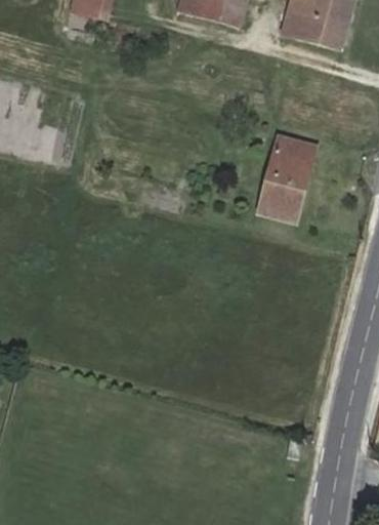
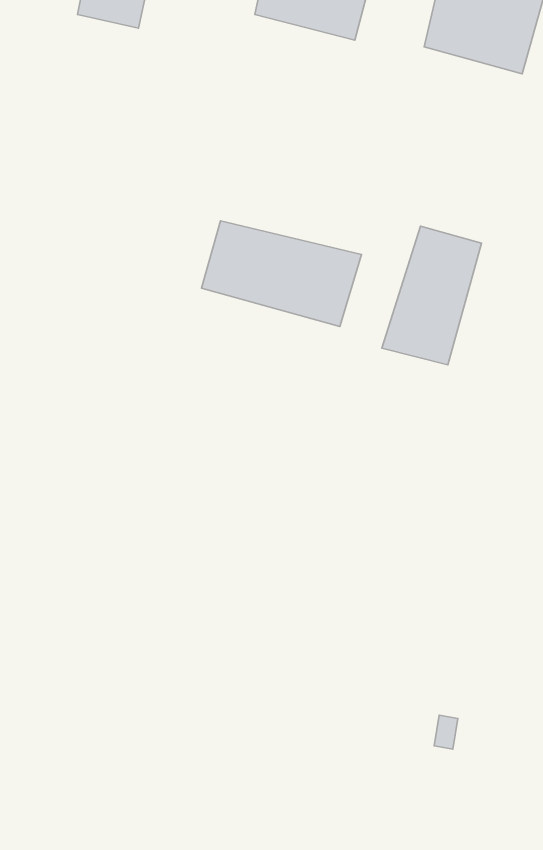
building: none -> [202,221,362,327]

